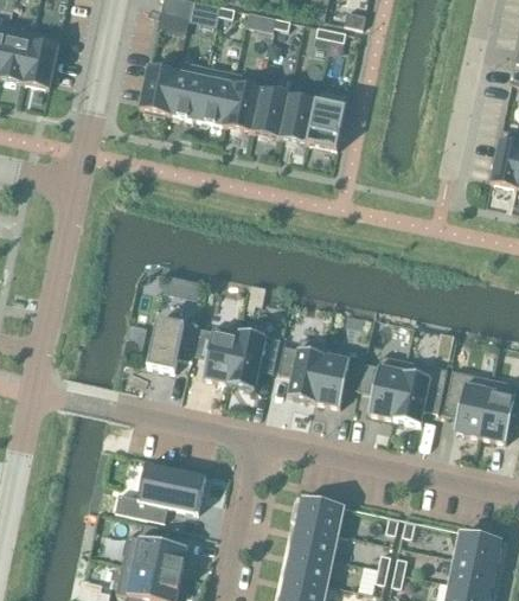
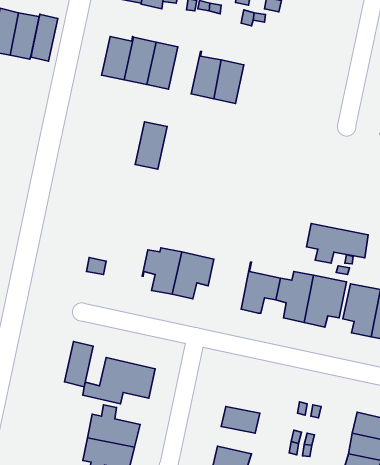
building: none -> [31,14,58,61]
building: [223,73,263,133] -> [135,122,167,169]
building: [307,92,347,151] -> none
building: none -> [307,224,368,263]
building: [147,319,197,373] -> none
building: [277,338,326,403] -> none
building: none -> [65,342,93,387]
building: [295,499,342,533] -> none
building: [284,550,332,584] -> none

